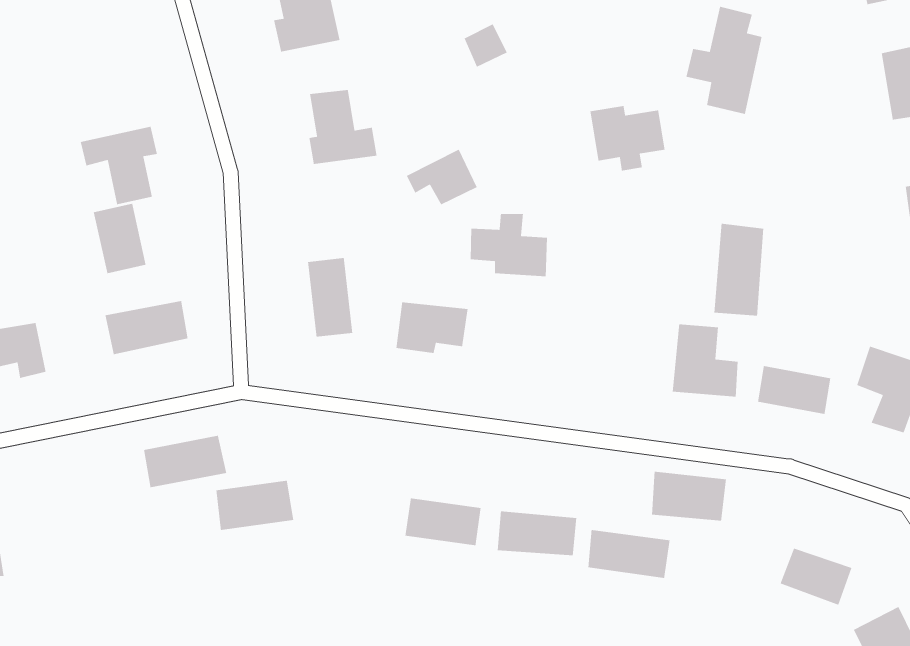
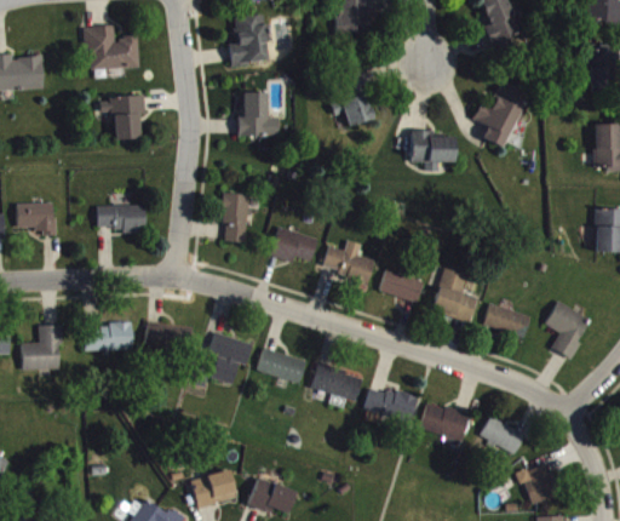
building: none -> [82,25,139,69]
building: [406,149,478,205] -> [331,93,373,126]
building: [93,203,147,274] -> none
building: [470,213,548,277] -> [325,241,374,285]
building: [713,223,764,316] -> none
building: none -> [379,269,424,303]
building: [143,435,227,488] -> [85,326,133,351]
building: [651,471,727,521] -> [420,402,470,440]
building: none -> [203,332,253,384]
building: none -> [22,326,63,371]

